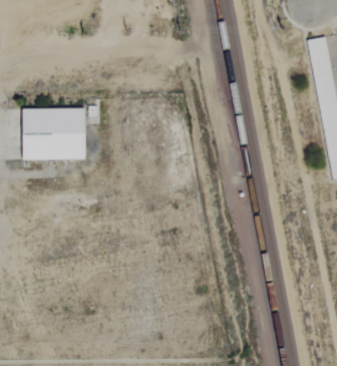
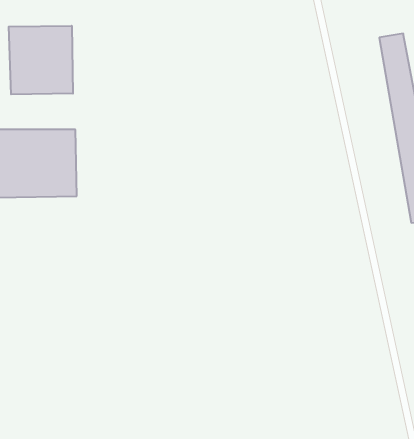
building: none -> [9,26,73,94]

